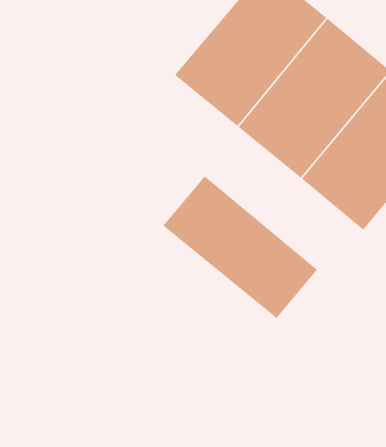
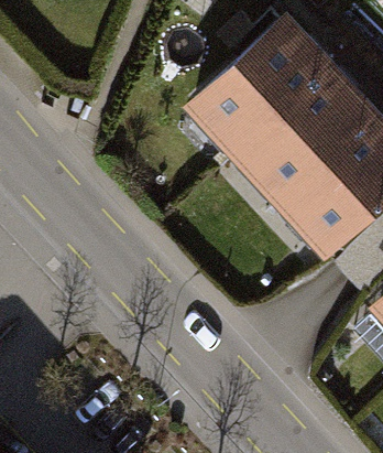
building: [162,175,318,319] -> none

